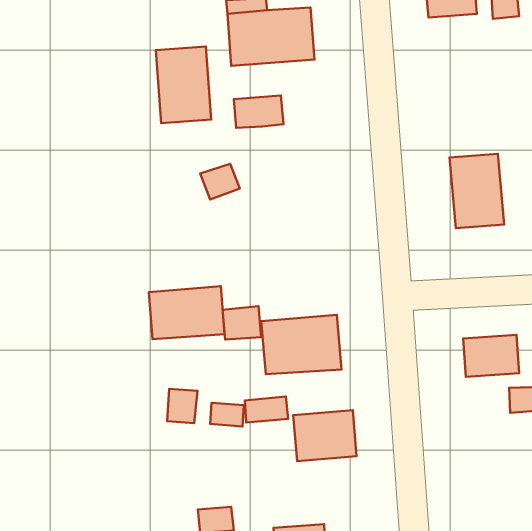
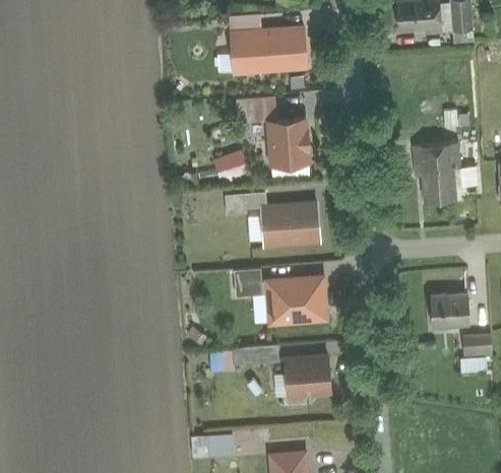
building: [156,46,211,123] -> none
building: none -> [263,118,312,167]
building: [149,286,224,339] -> [258,201,320,245]
building: [167,389,198,423] -> none

